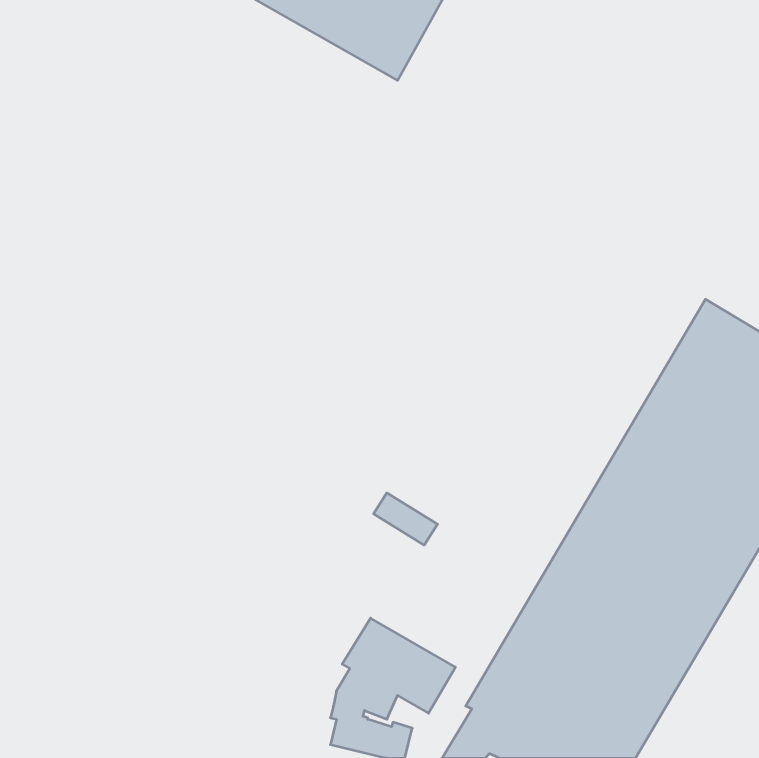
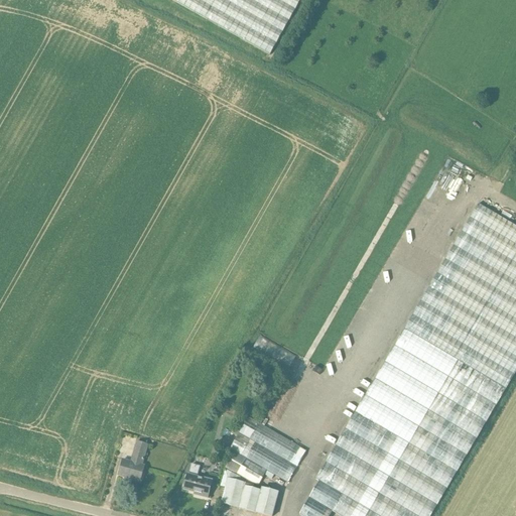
building: none -> [119,441,149,480]
building: none -> [184,463,212,496]

